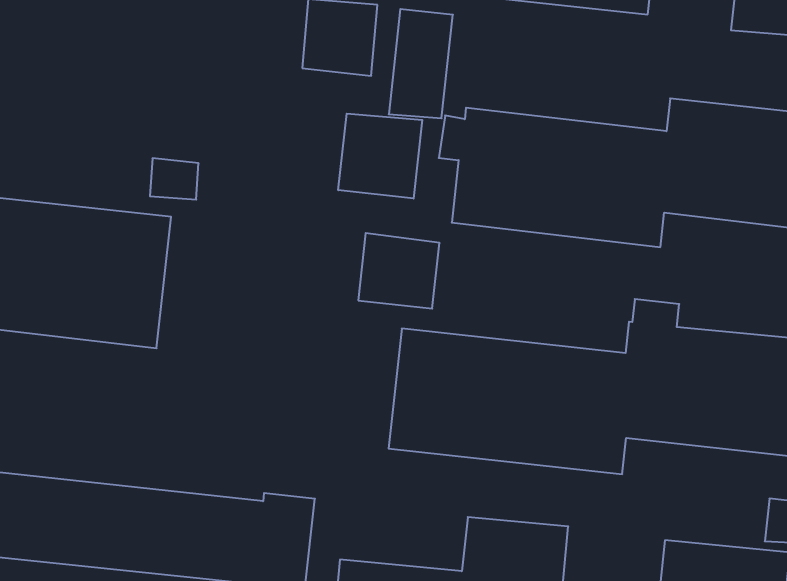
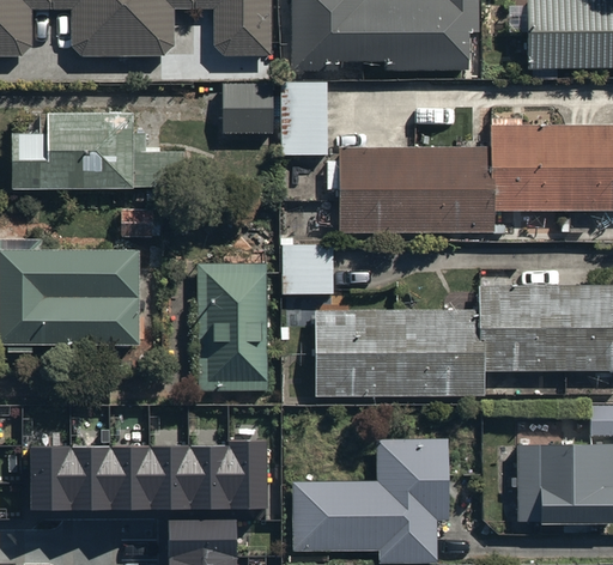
building: none -> [14,113,181,188]
building: [338,114,422,199] -> none
building: none -> [200,265,268,389]

